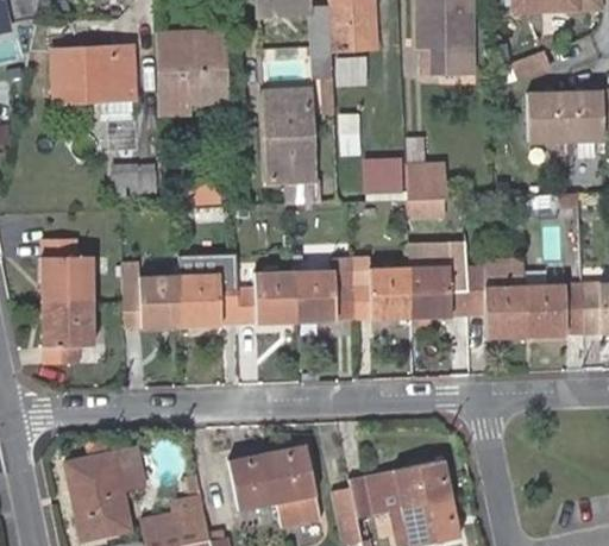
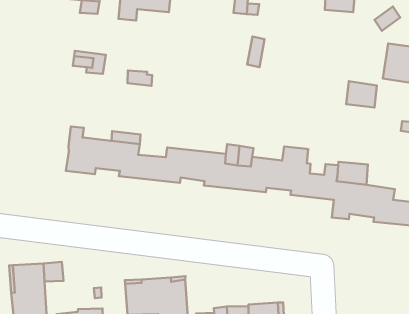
building: [268,95,315,187] -> none
building: [366,168,402,200] -> none
building: [408,168,447,199] -> [346,81,377,108]
building: [45,237,92,360] -> none

